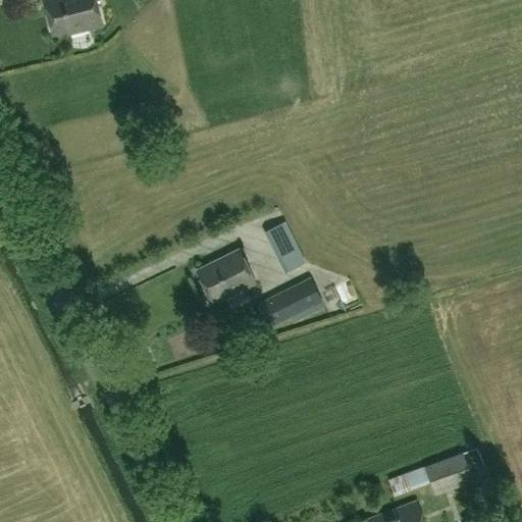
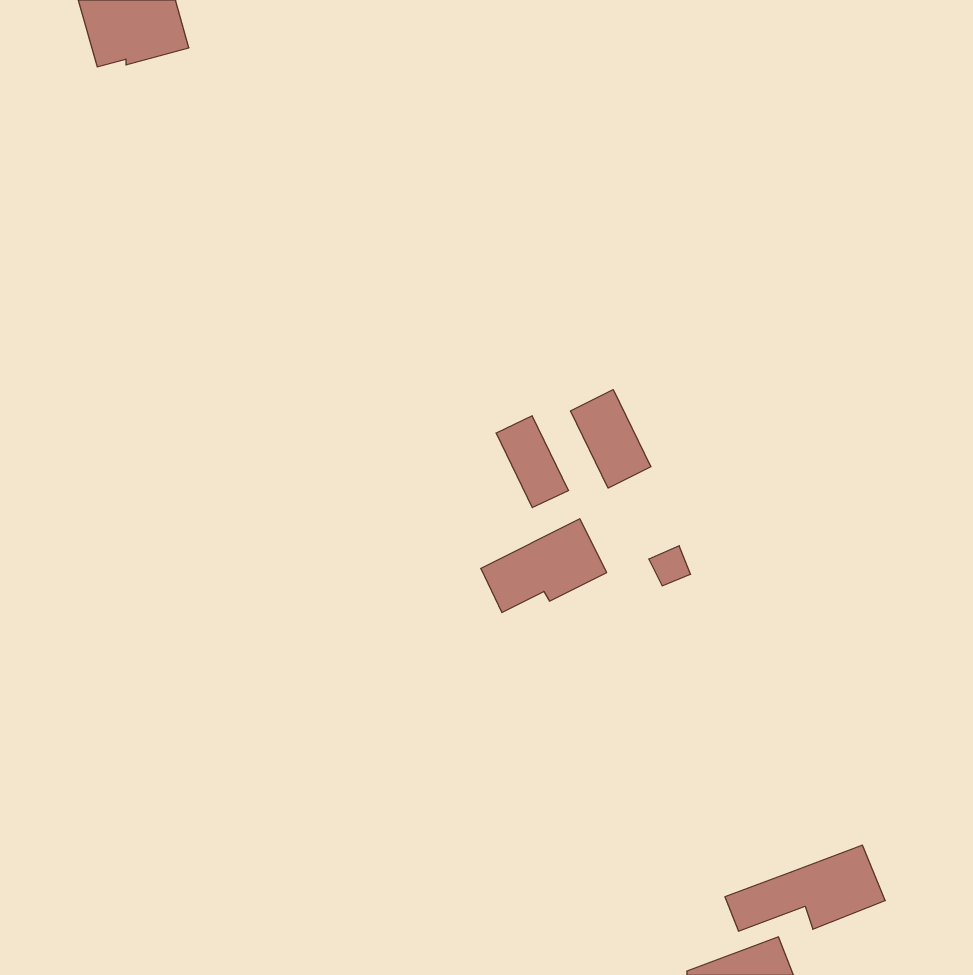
building: none -> [570,390,651,488]
building: [198,250,255,303] -> none

